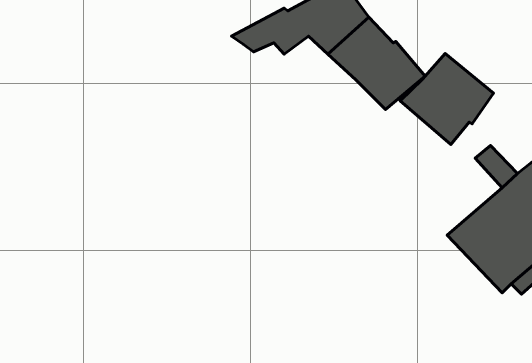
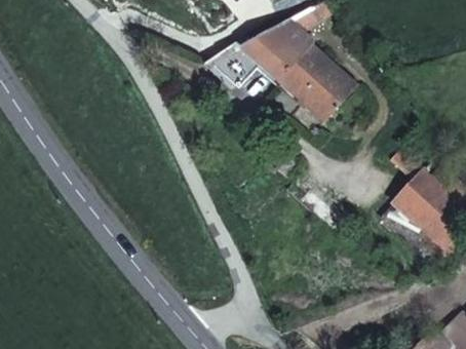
building: [400,54,494,145] -> none

